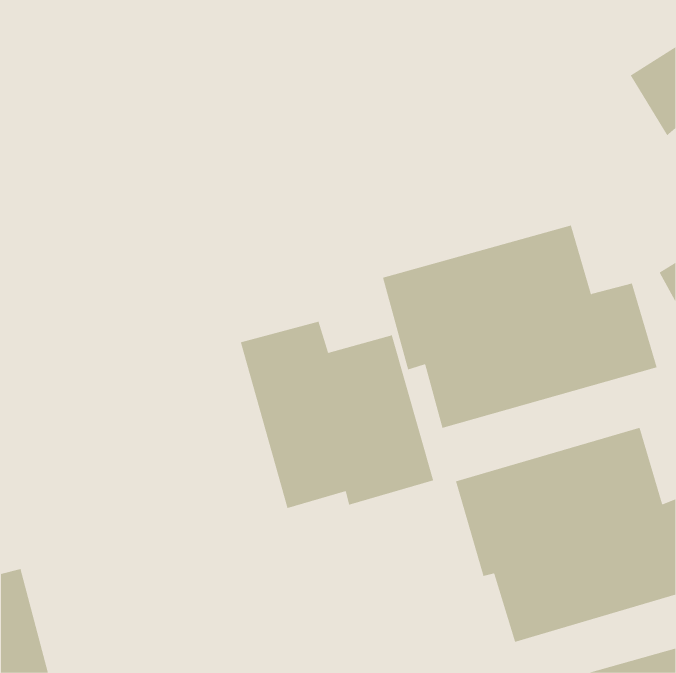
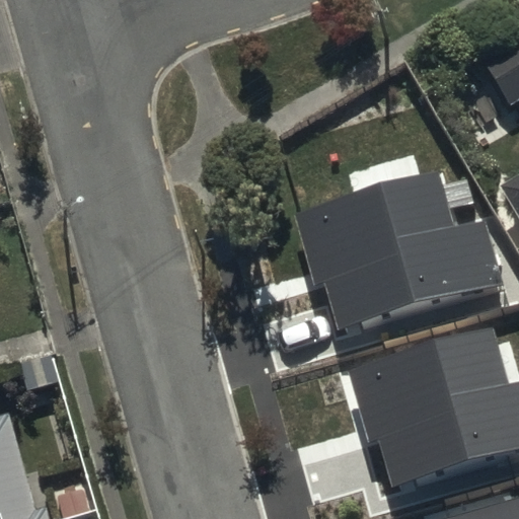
building: [240,321,434,509] -> none

